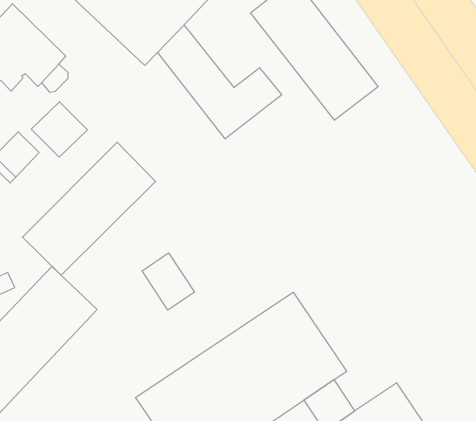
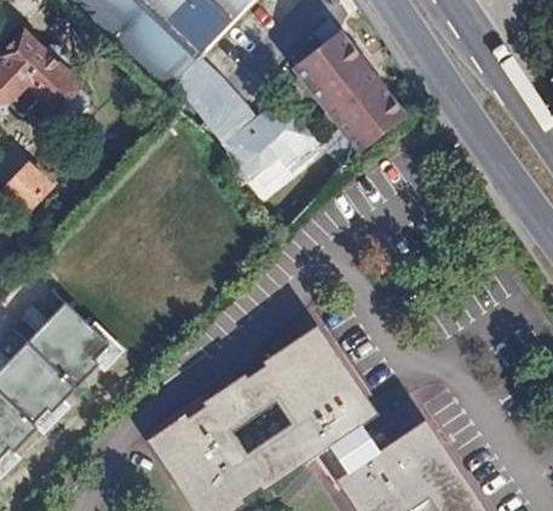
building: [31,102,87,157] -> none
building: [22,142,156,275] -> none
building: [142,253,194,310] -> none

